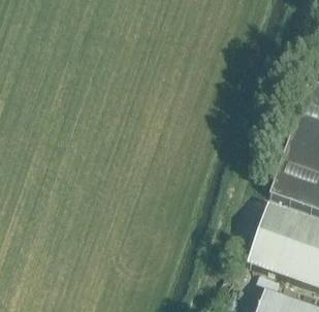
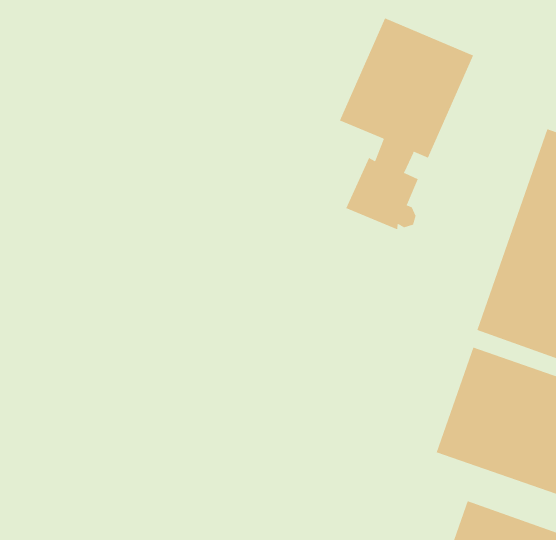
building: none -> [339,17,474,230]

